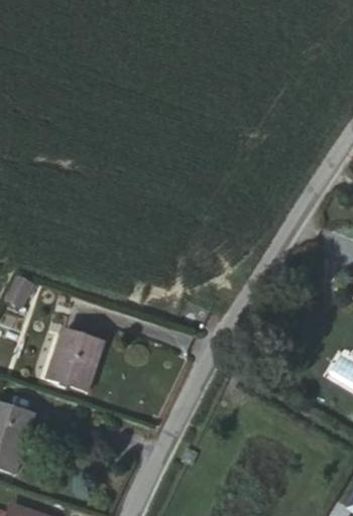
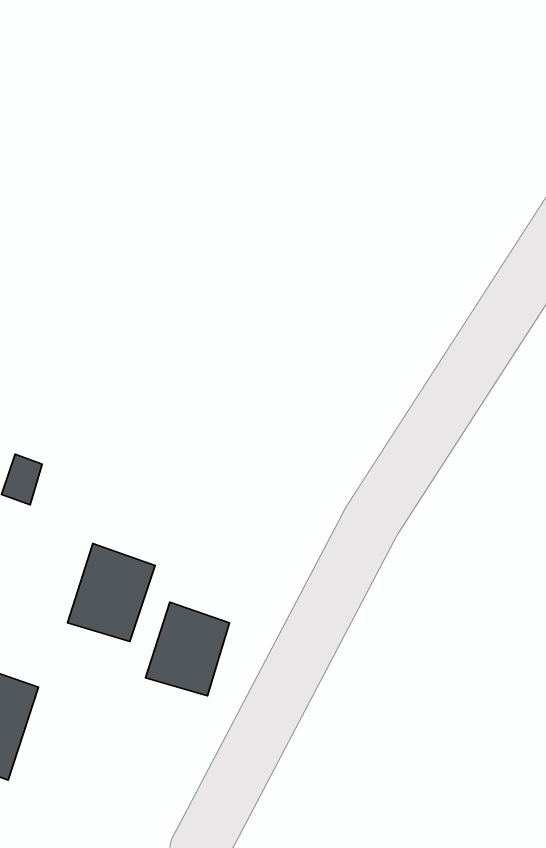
building: none -> [146,602,230,696]

